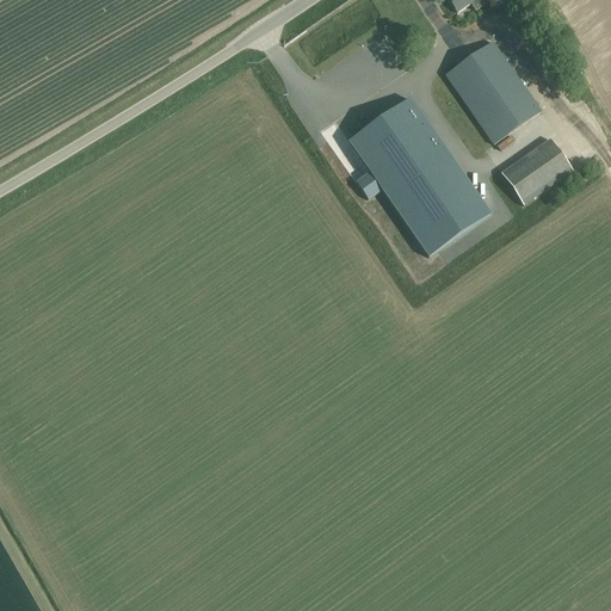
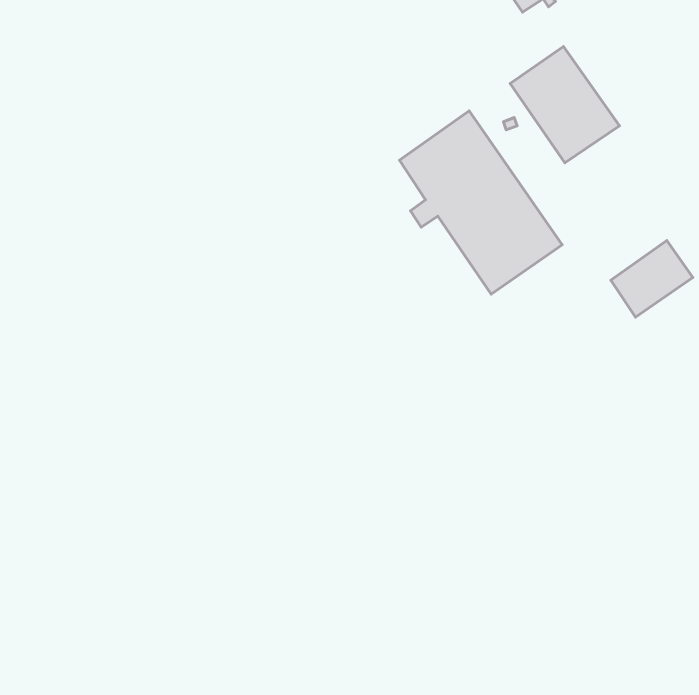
building: [500,137,572,204] -> [611,240,693,317]

